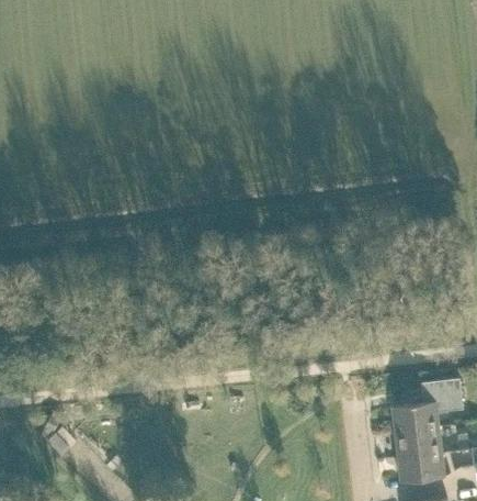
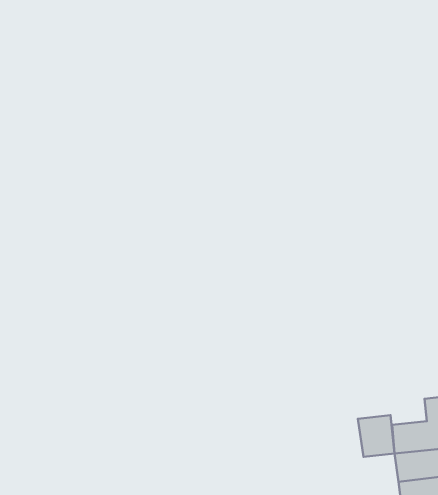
building: none -> [358,415,395,457]

